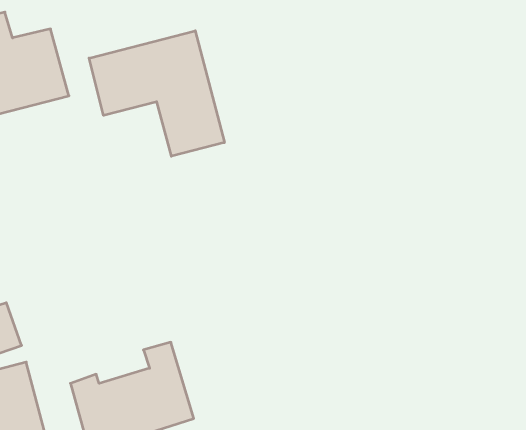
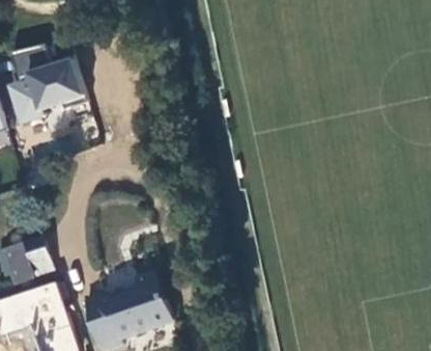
building: [89,31,224,156] -> none

